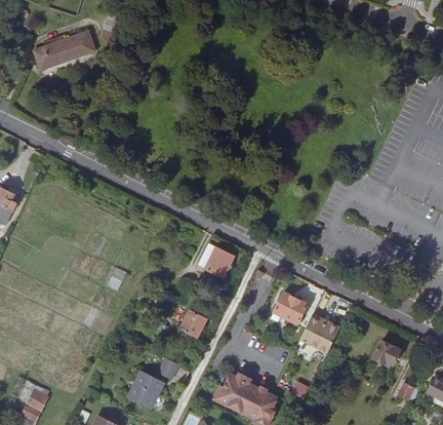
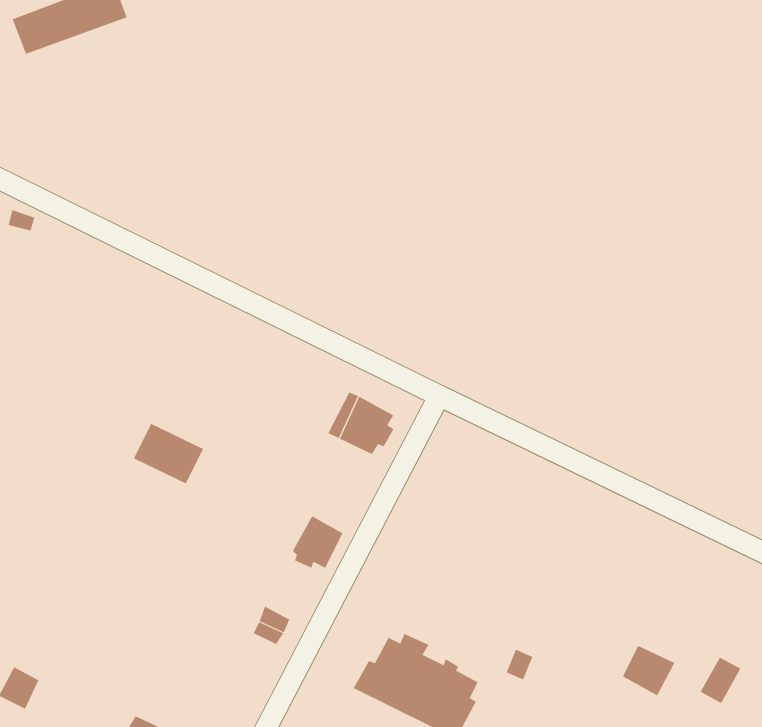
building: [274,293,308,324] -> none
building: [299,316,340,355] -> none
building: [373,342,401,369] -> [622,645,675,696]
building: [128,371,165,409] -> none

